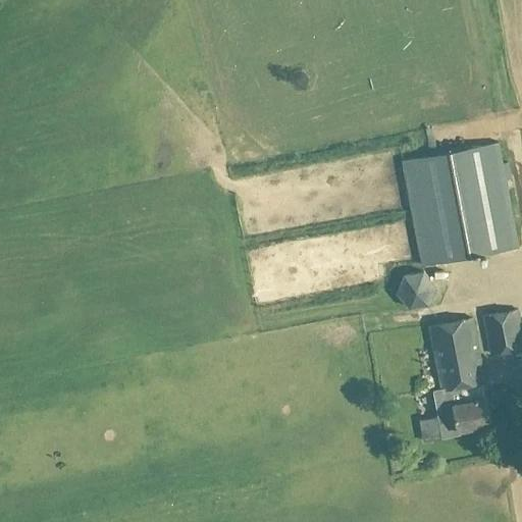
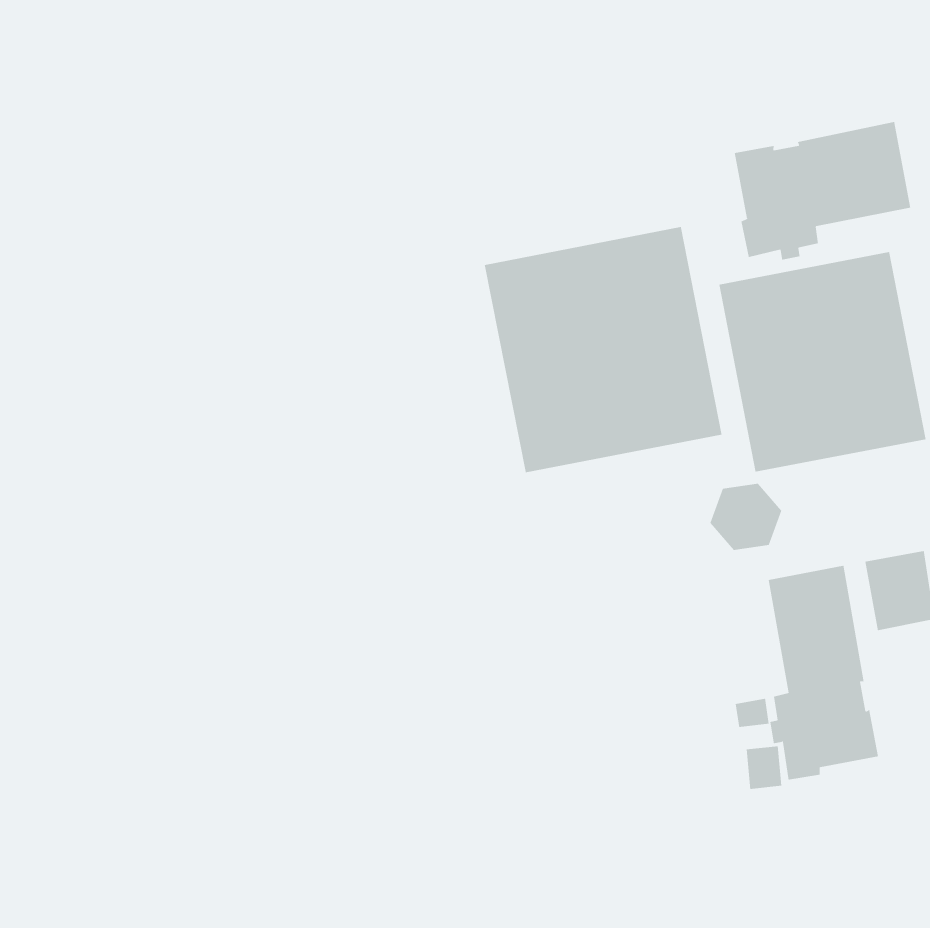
building: none -> [734,121,911,261]
building: none -> [484,226,722,473]

